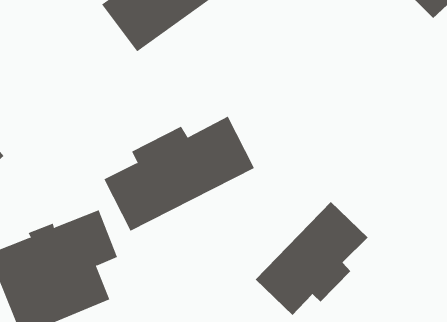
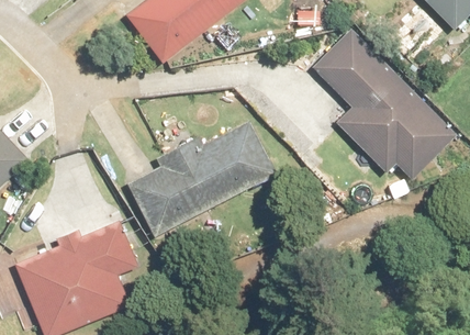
building: none -> [311,30,458,193]
building: [255,201,368,316] -> none

